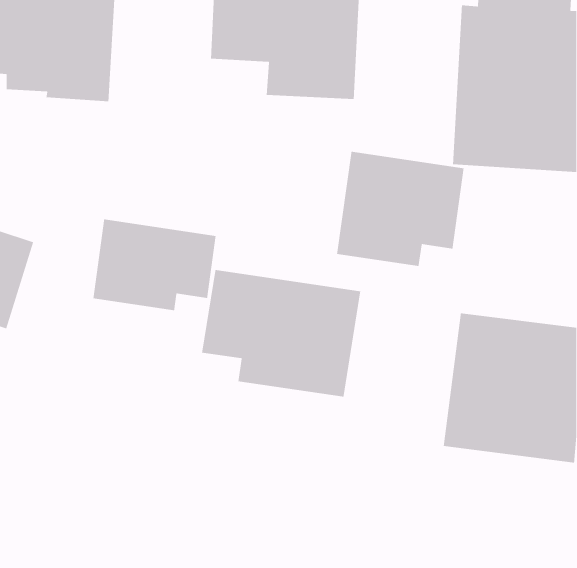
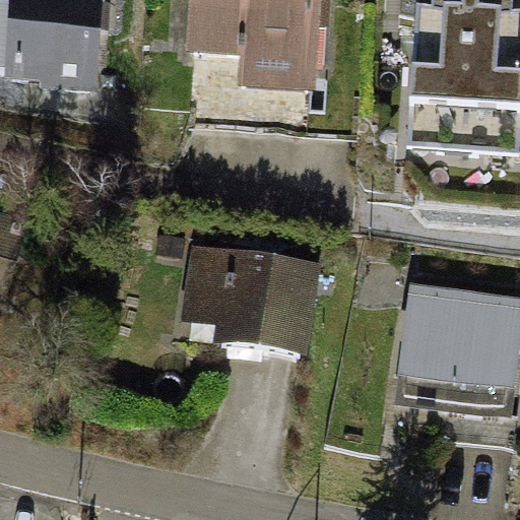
building: [336,151,465,267] -> none
building: [92,218,216,311] -> none

